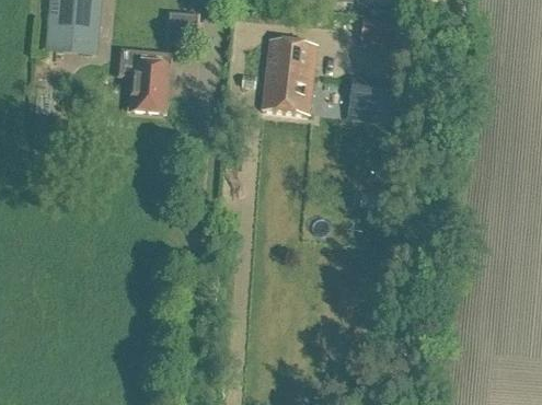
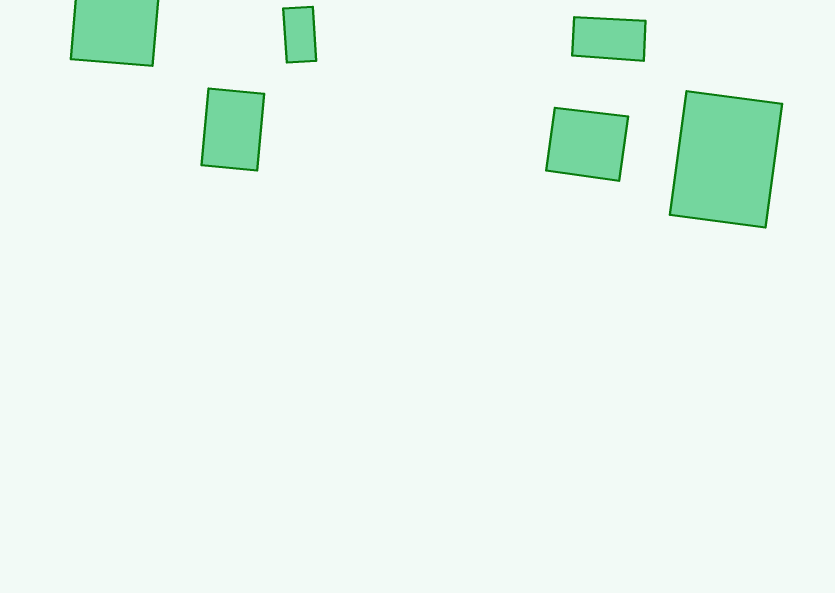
building: [261,38,318,114] -> none
building: none -> [670,91,782,228]

